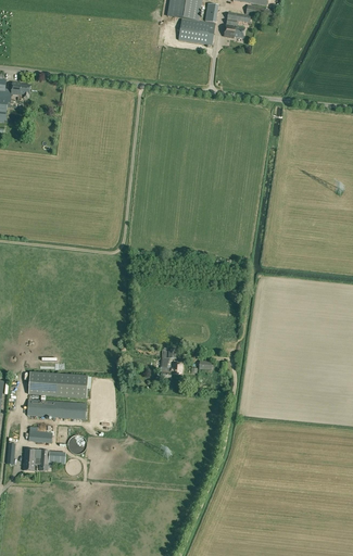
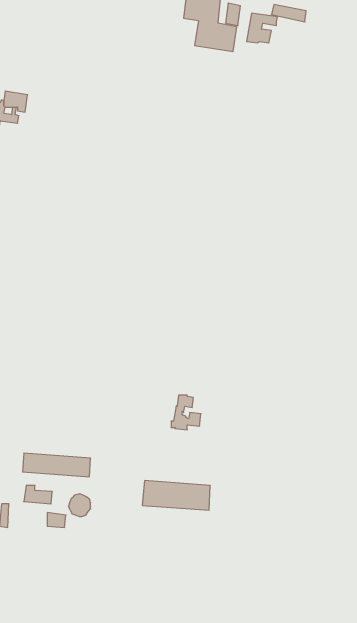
building: [28,371,88,397] -> [142,481,210,510]
building: [24,448,49,471] -> none

